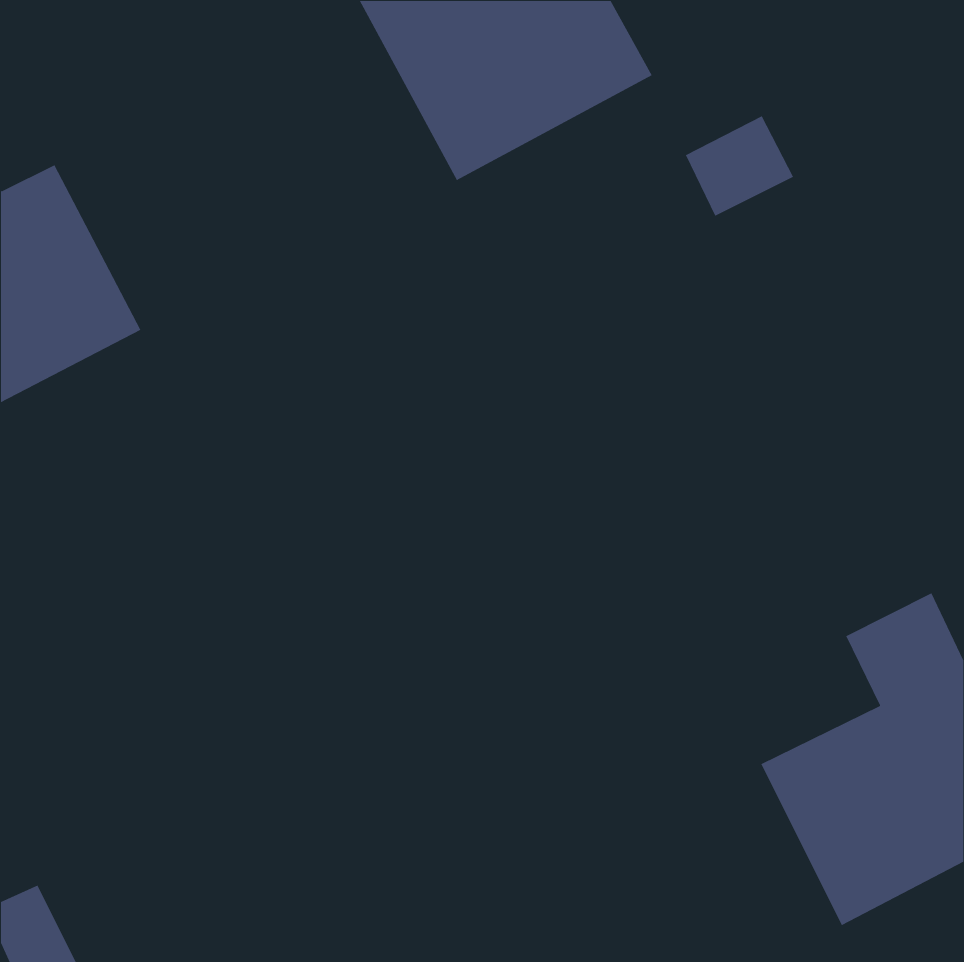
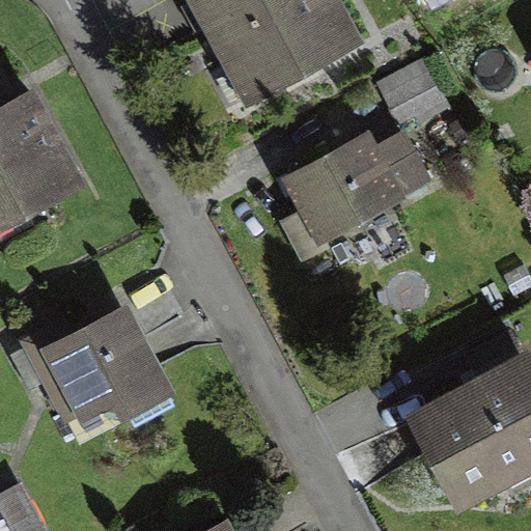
building: none -> [292,137,424,232]
building: none -> [25,311,173,421]

